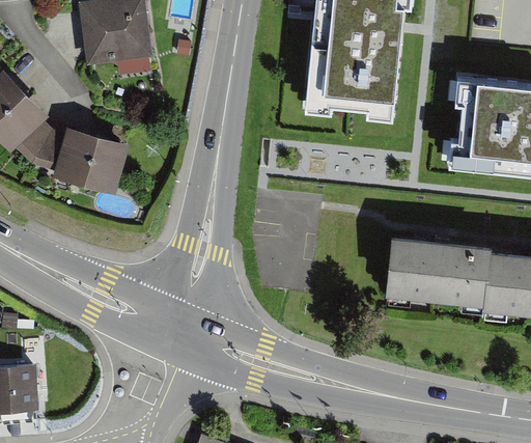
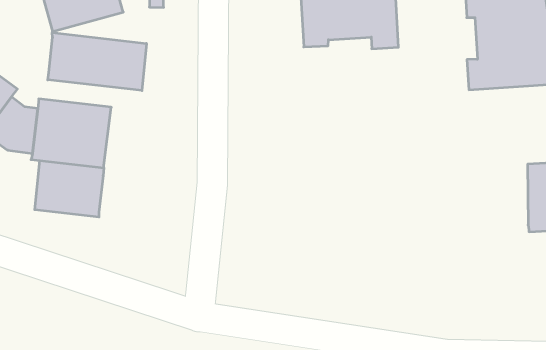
building: none -> [48,33,146,91]
building: none -> [35,161,104,217]
building: [387,230,492,300] -> none

